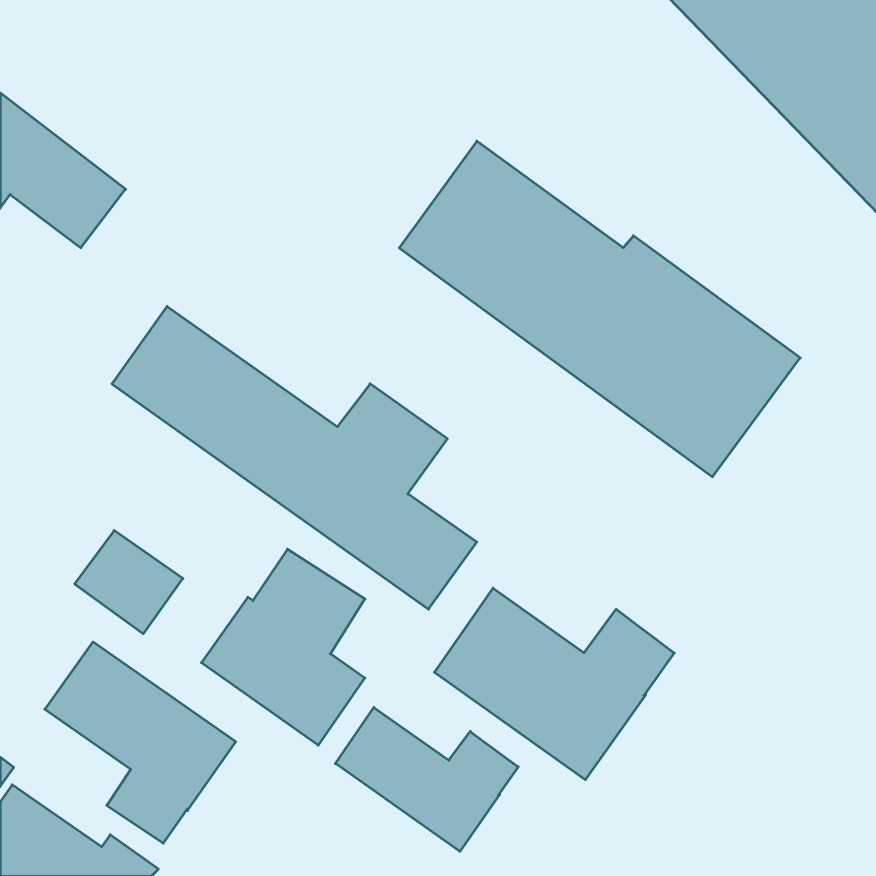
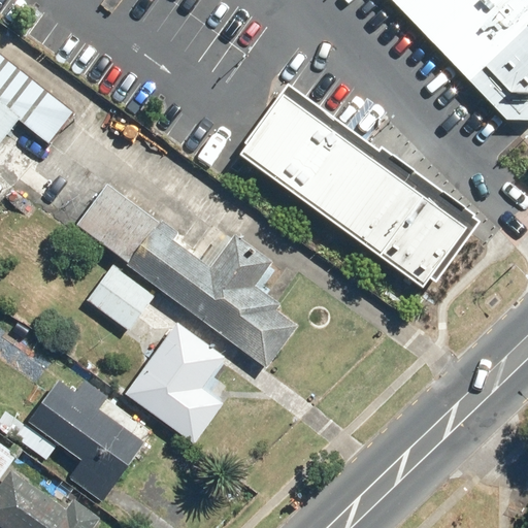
building: [75,530,183,634] -> [87,267,152,329]
building: [434,588,674,780] -> none
building: [335,707,518,851] -> none

